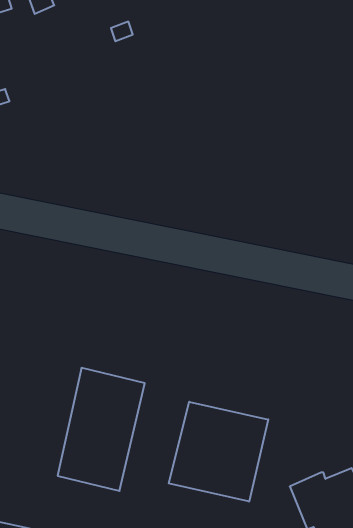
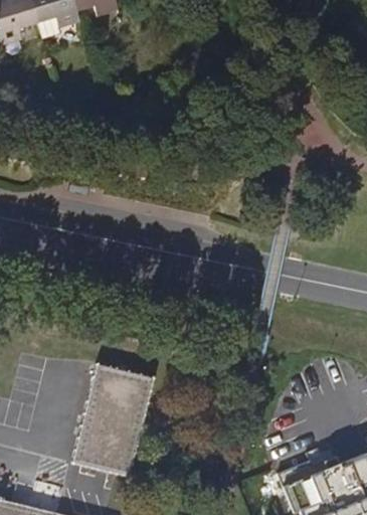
building: [169,402,268,502] -> none

